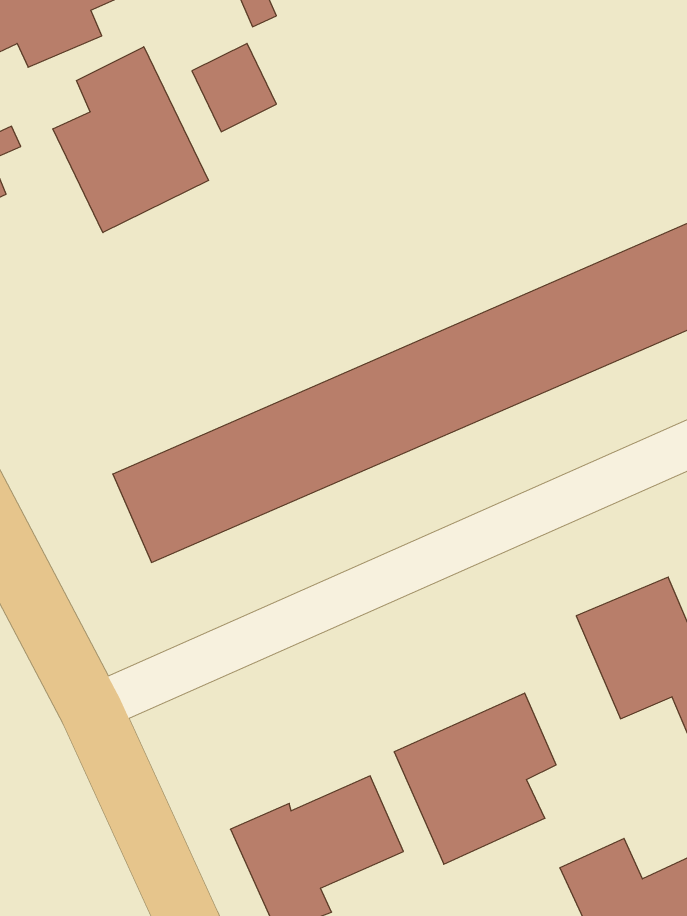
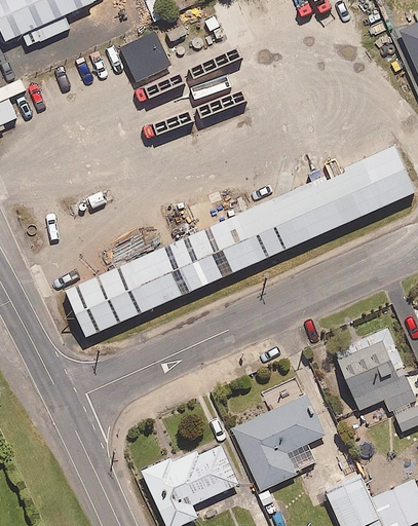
building: [53,47,208,233] -> none

